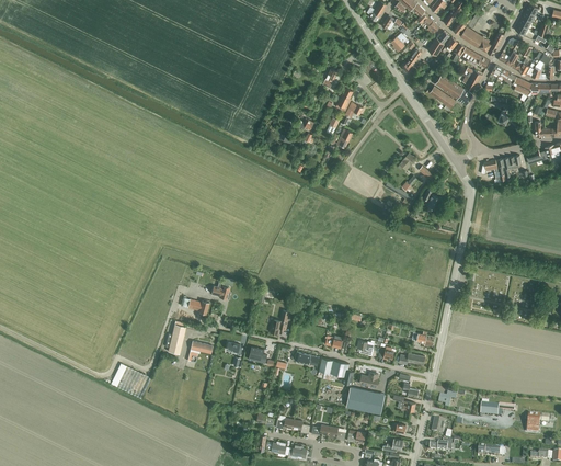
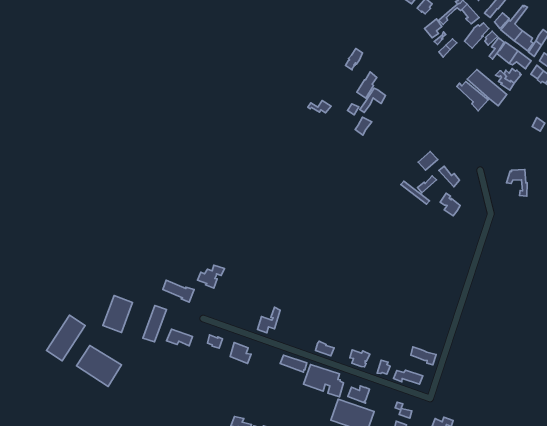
building: none -> [103,296,133,333]
building: none -> [47,315,85,361]

